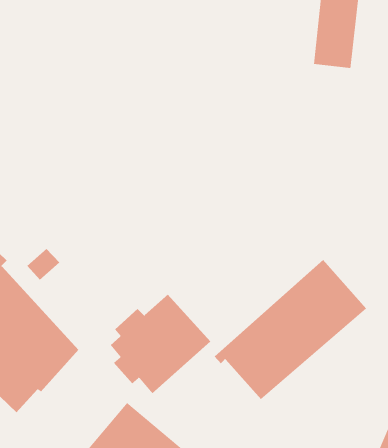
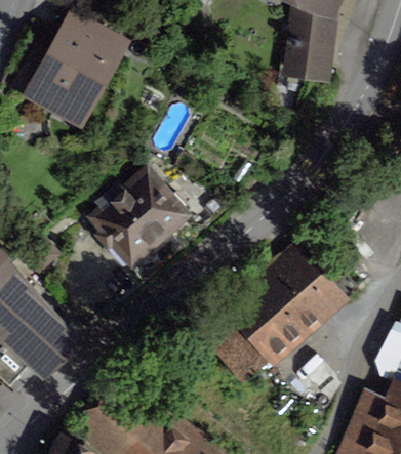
building: none -> [23,22,119,117]
building: [110,294,211,394] -> [95,172,189,264]

